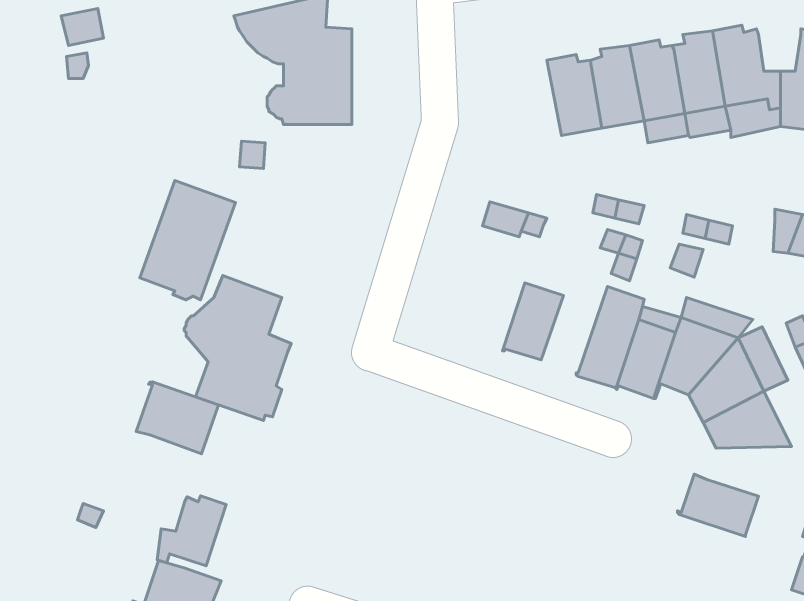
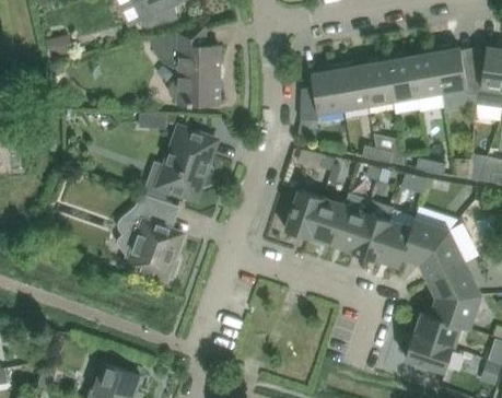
building: none -> [301,66,345,120]
building: [140,180,235,300] -> [160,128,217,199]
building: none -> [285,190,323,238]
building: none -> [332,192,372,251]
building: [136,382,219,454] -> none
building: none -> [431,295,481,328]
building: [157,496,226,566] -> none
building: none -> [406,335,454,372]

